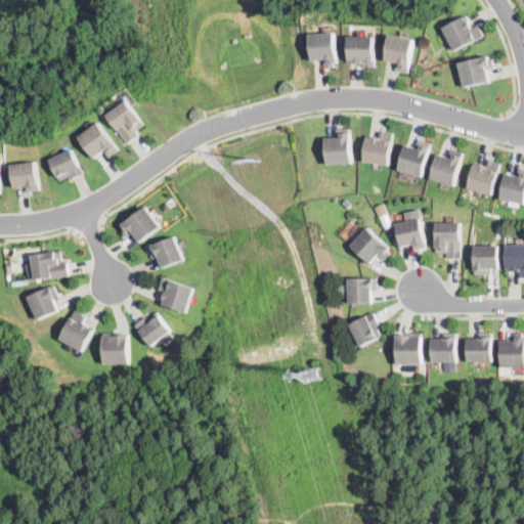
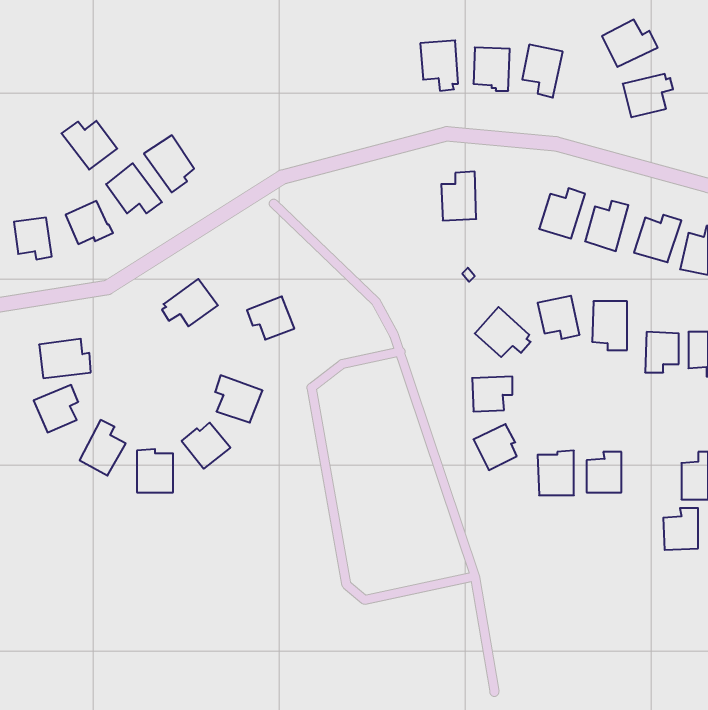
building: none -> [61,121,117,170]
building: [360,131,390,166] -> none
building: [147,236,182,268] -> [247,296,294,340]
building: [465,333,490,363] -> [663,508,698,550]

